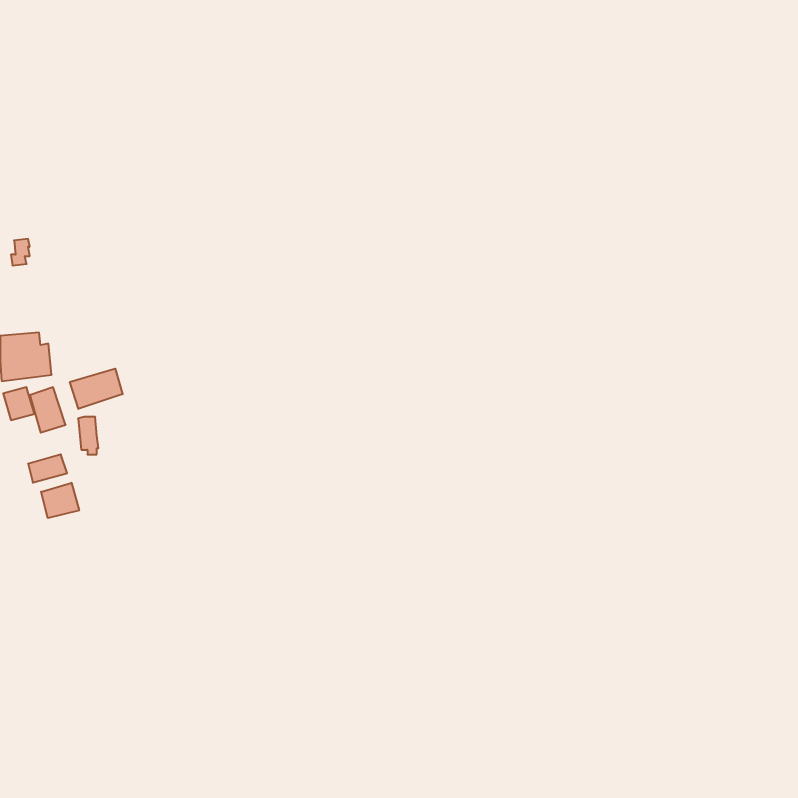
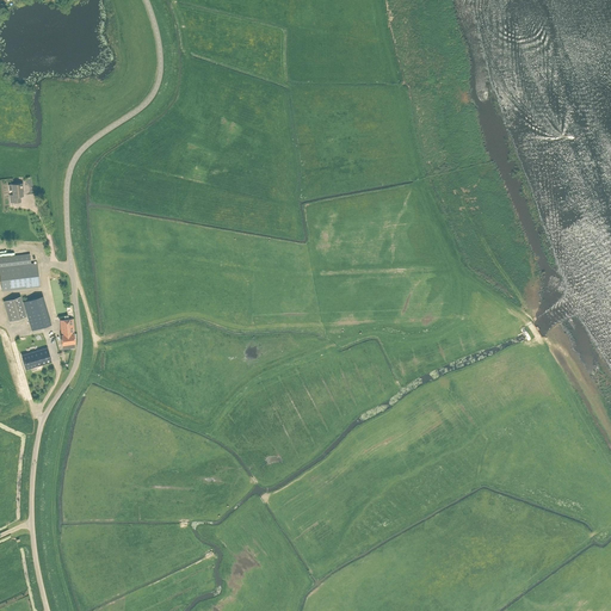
building: [70,369,123,409] -> none
building: [41,483,79,518] -> none

